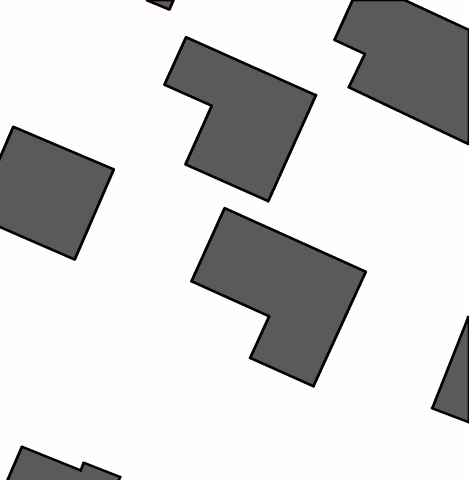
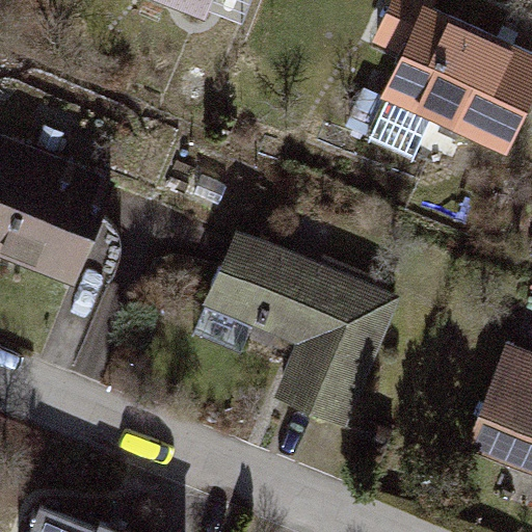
building: [165,37,316,201] -> none

